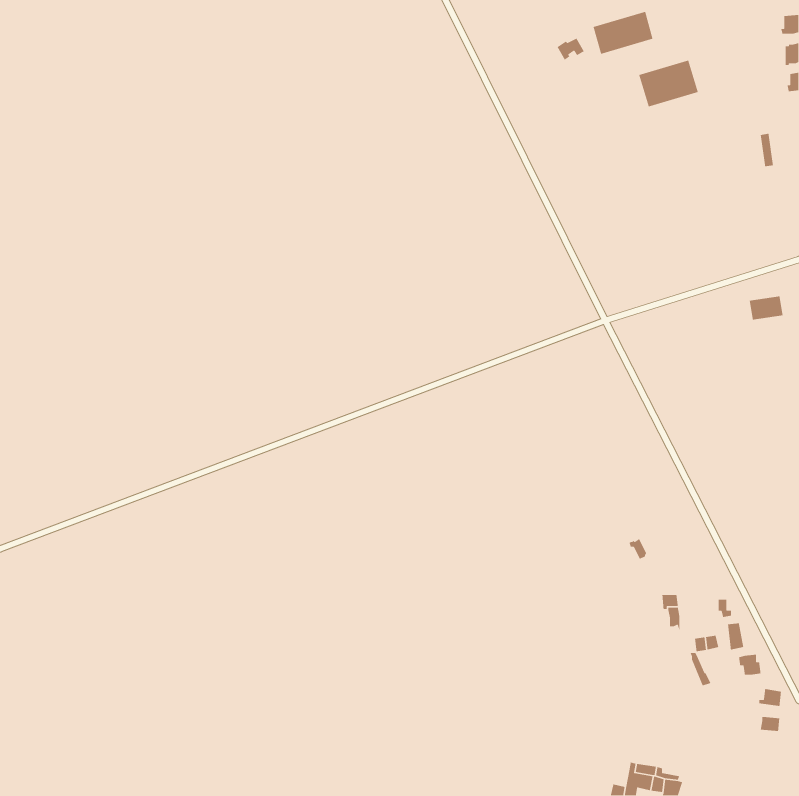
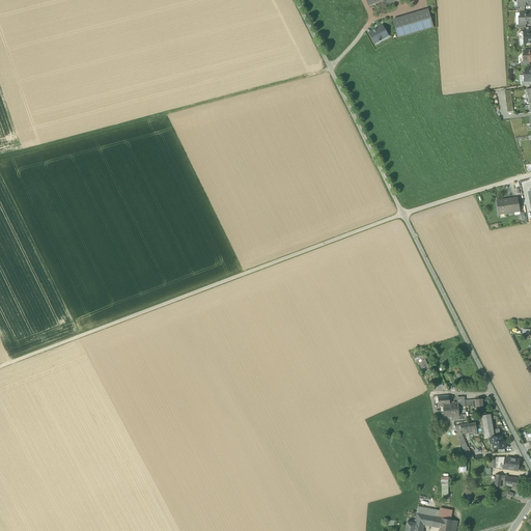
building: [638,60,699,107] -> none

